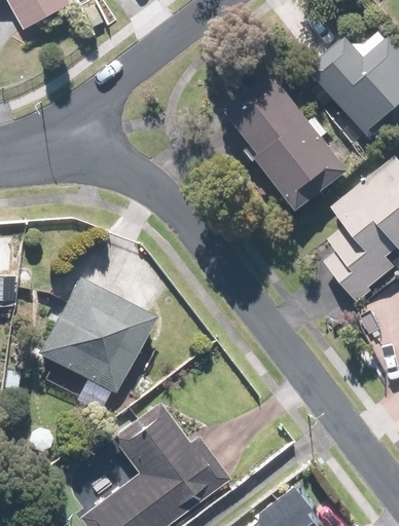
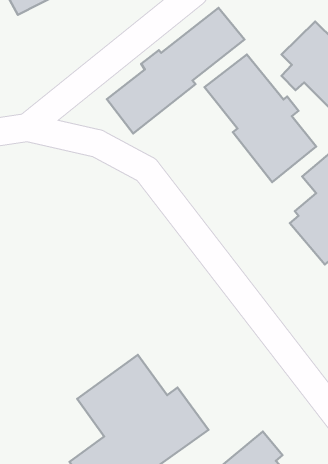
building: none -> [107,8,244,134]
building: [35,272,156,394] -> none

